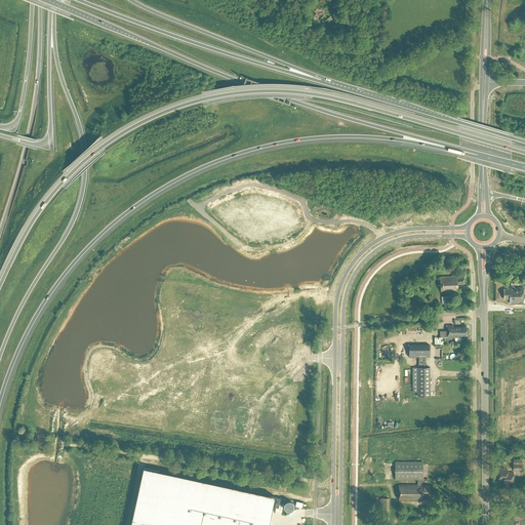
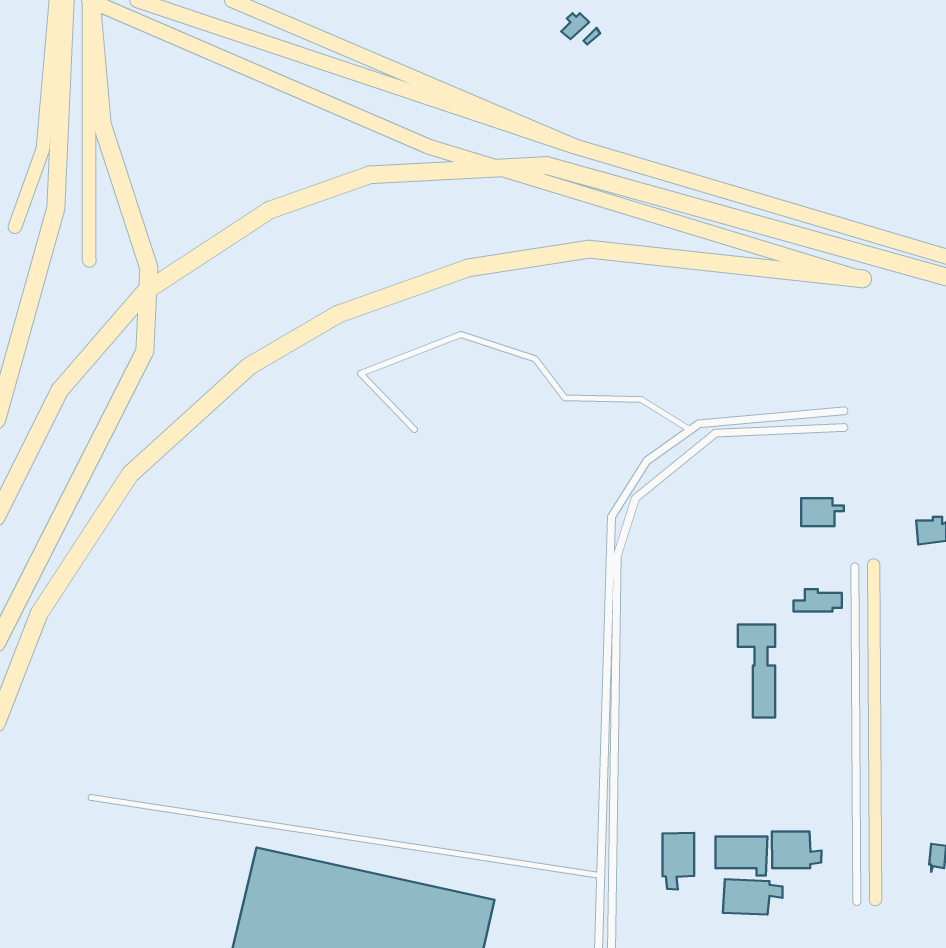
building: none -> [772,832,822,868]
building: none -> [662,833,694,889]

